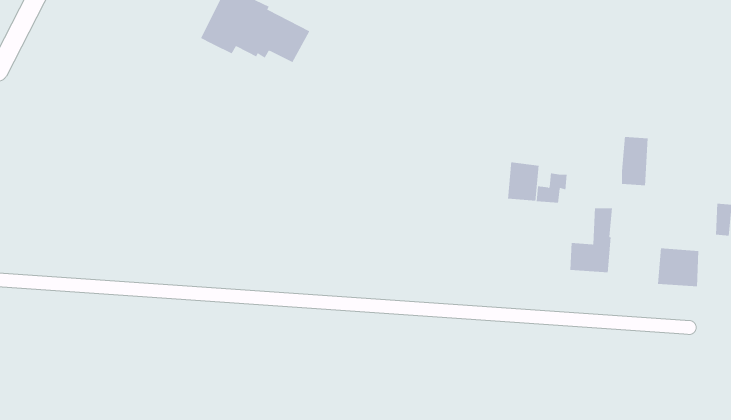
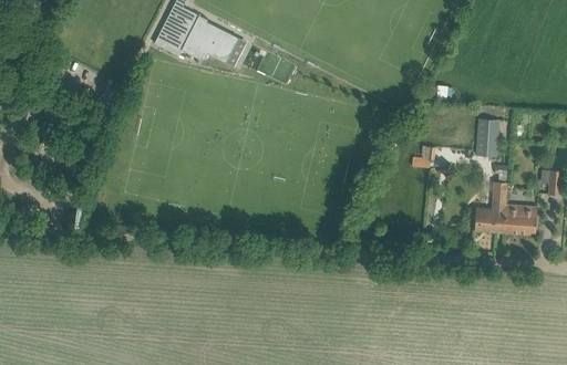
building: [508,162,539,201] -> none
building: [570,208,613,273] -> [474,181,507,231]

